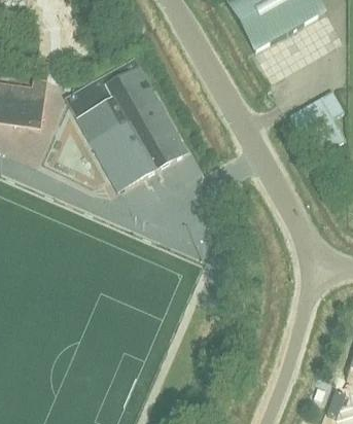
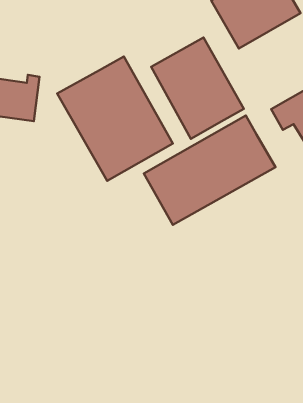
building: none -> [151,37,244,139]
building: none -> [144,115,275,225]

